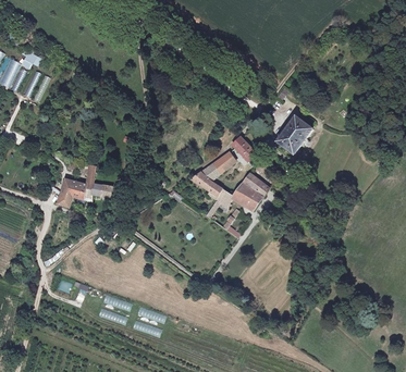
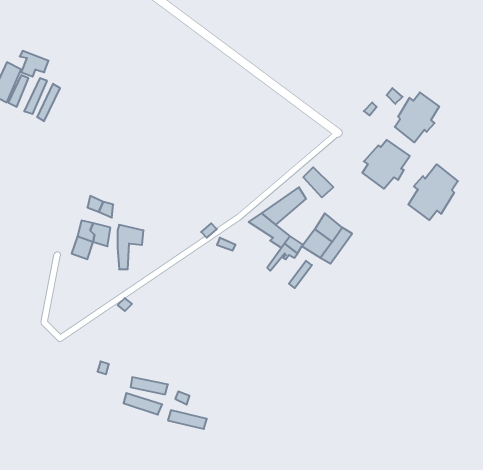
building: none -> [395,92,439,142]
building: none -> [408,164,458,220]

